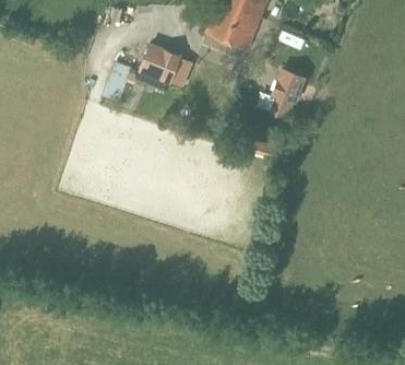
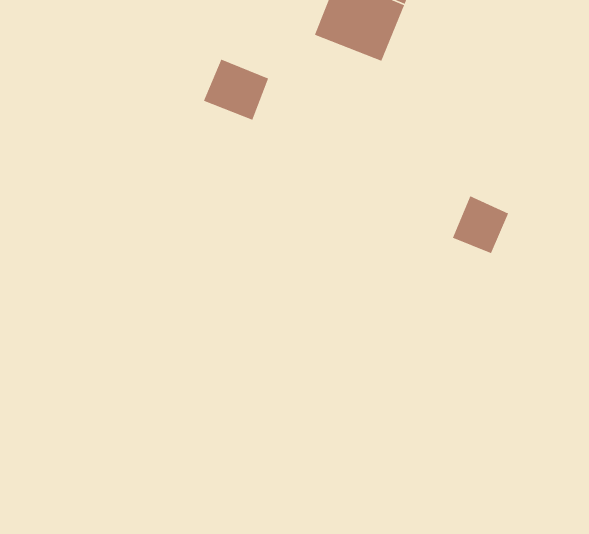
building: [274,71,309,107] -> [452,195,509,254]

